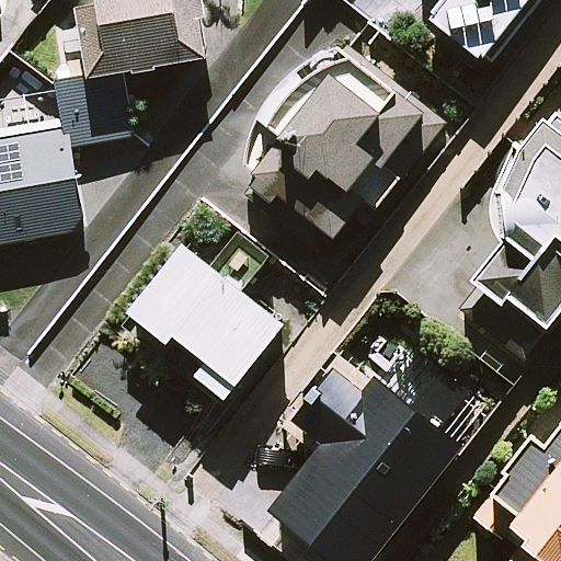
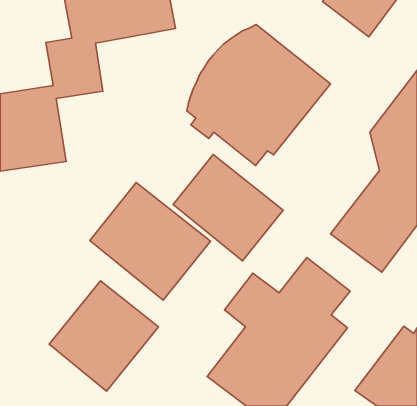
building: none -> [173,155,283,261]
building: none -> [49,281,158,391]

